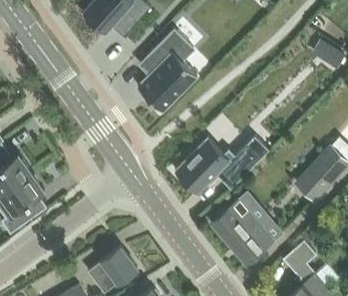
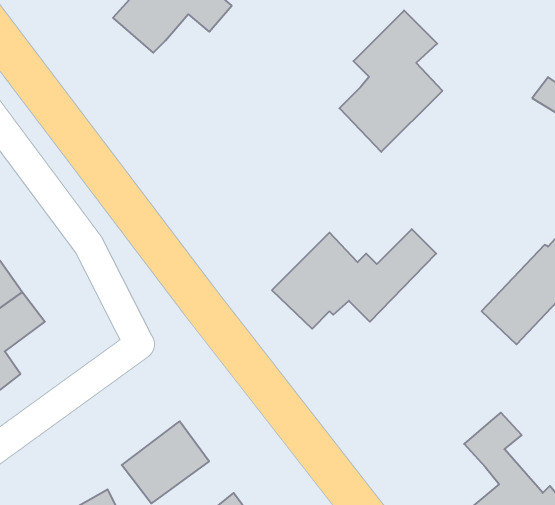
building: [137,31,197,112] -> [339,10,442,152]
building: [211,200,273,265] -> none

